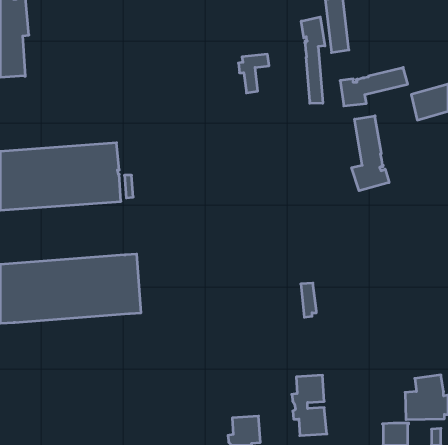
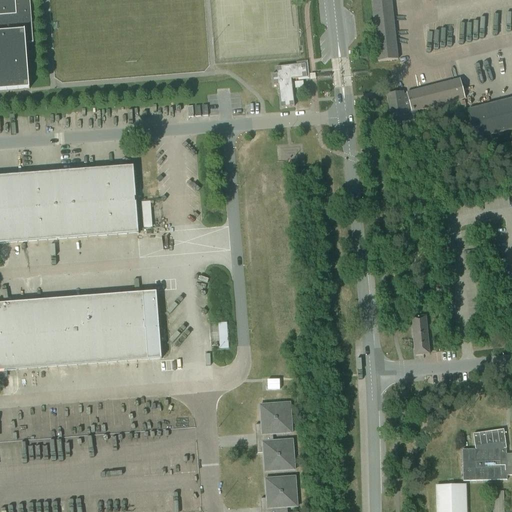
building: [301,17,325,103] -> none
building: [352,116,389,191] -> none
building: [301,283,316,317] -> [411,314,429,353]
building: [292,375,327,436] -> [255,401,295,470]

